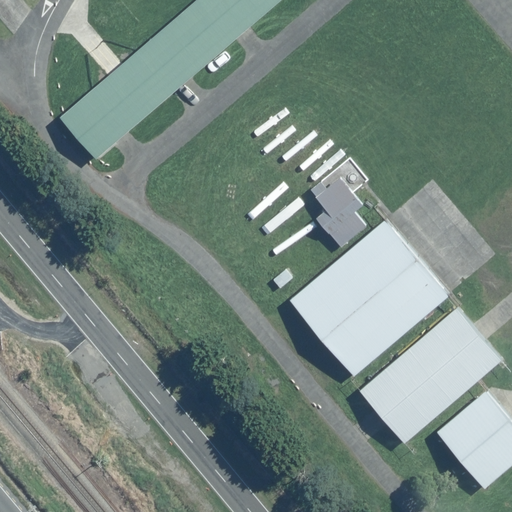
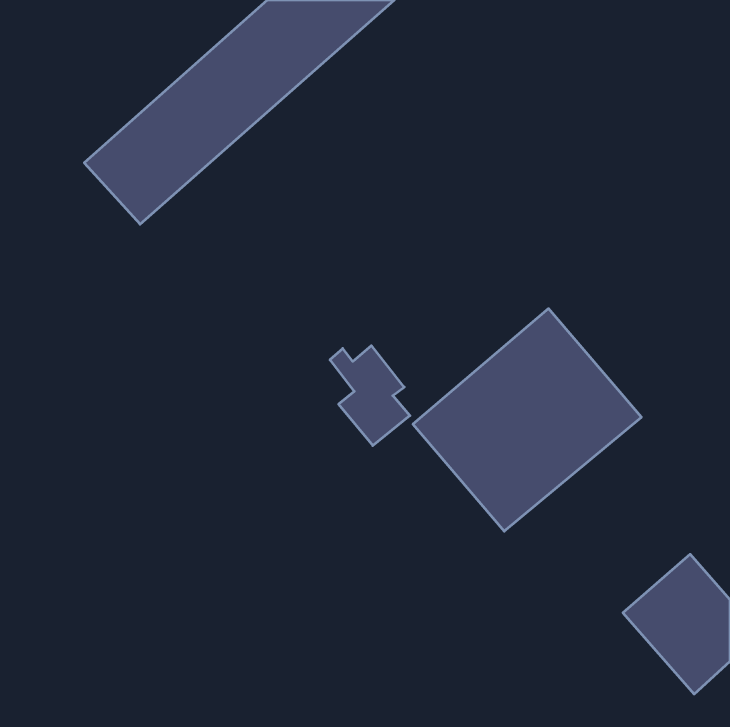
building: [309,179,365,249] -> [330,346,410,446]
building: [358,308,503,445] -> none

